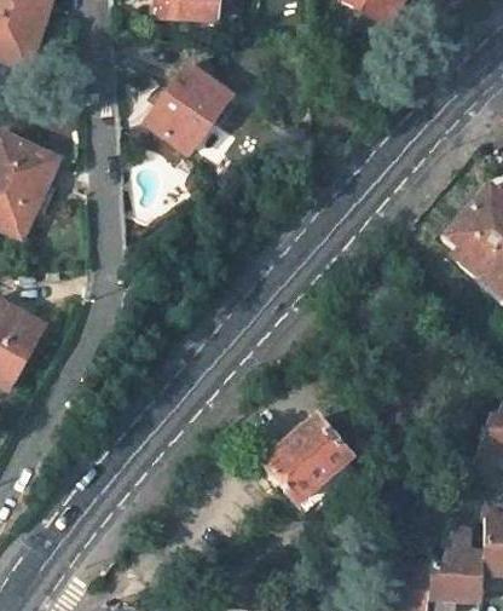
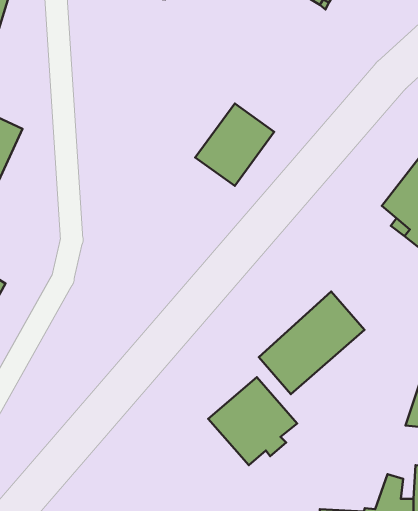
building: [149,65,233,154] -> [195,103,274,186]
building: none -> [259,292,365,394]

